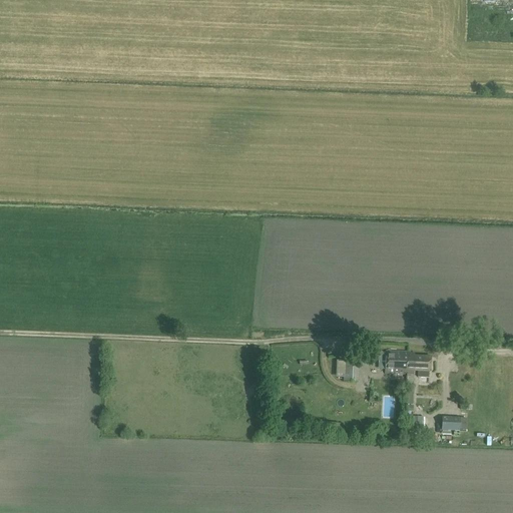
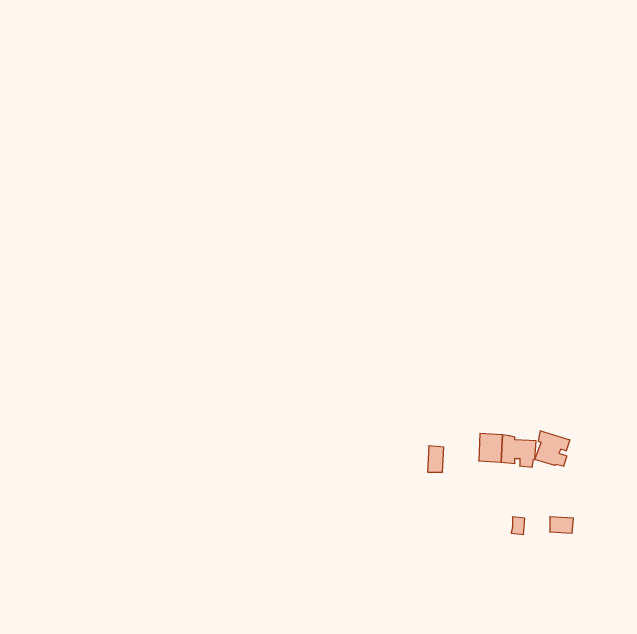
building: none -> [535,431,570,466]

